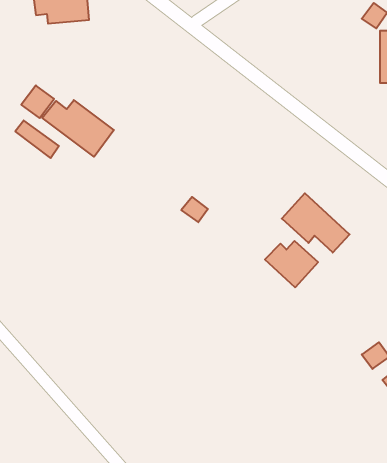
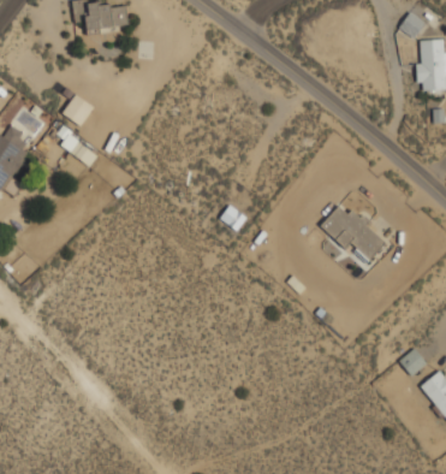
building: [42,100,114,157] -> none
building: [265,241,318,287] -> none

